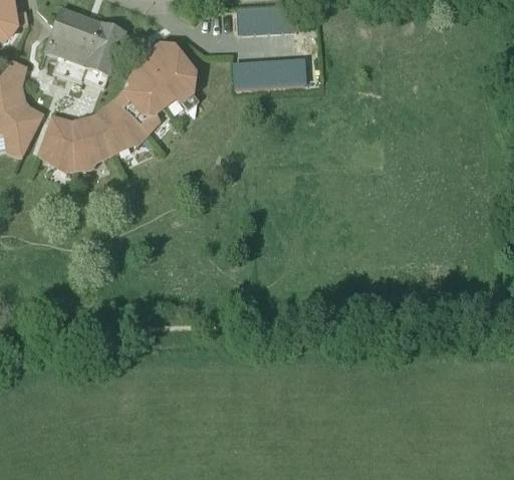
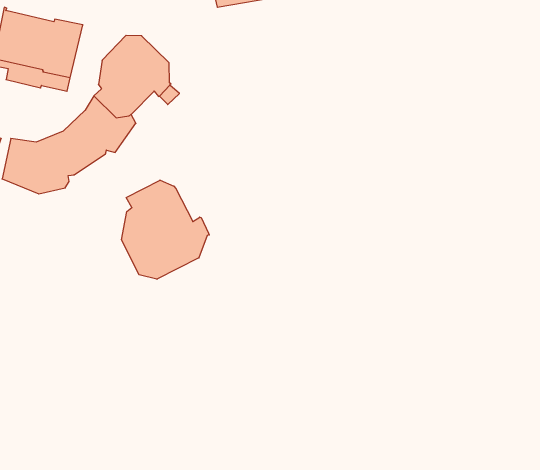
building: [233,58,305,87] -> none
building: none -> [122,180,209,279]

